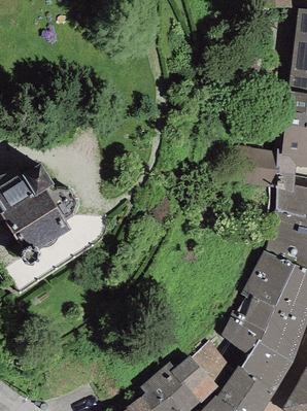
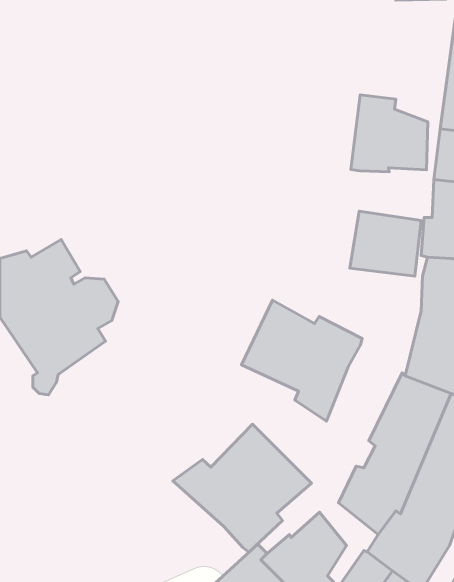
building: none -> [351,95,428,172]
building: none -> [242,300,362,421]
building: none -> [173,424,311,552]

